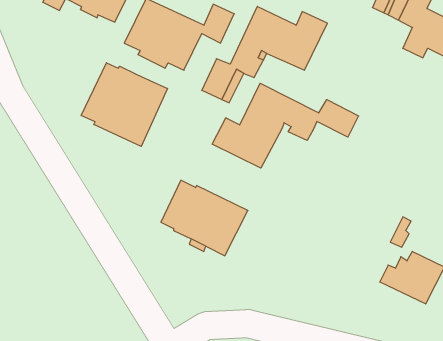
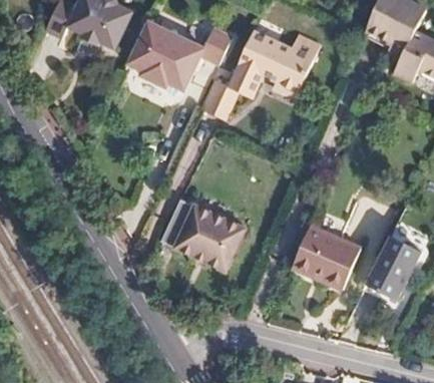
building: [81,63,167,146] -> none
building: [212,83,359,168] -> none
building: none -> [298,226,362,288]

